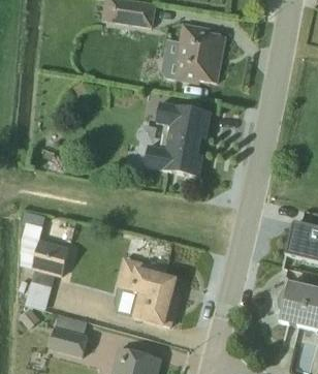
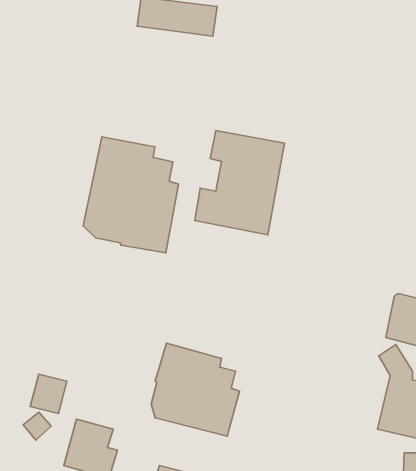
building: [171,23,225,85] -> none
building: none -> [83,137,179,253]
building: [21,209,68,276] -> none

